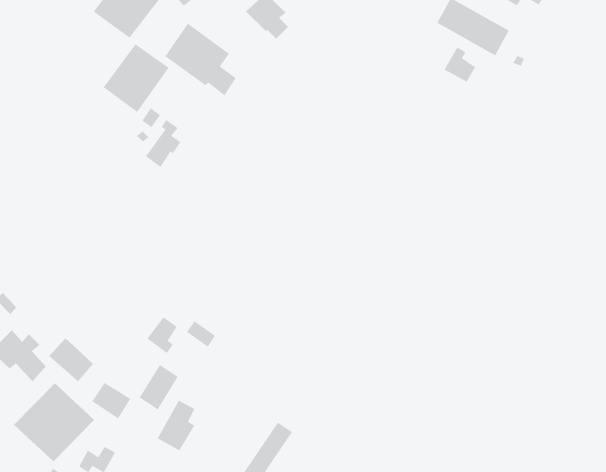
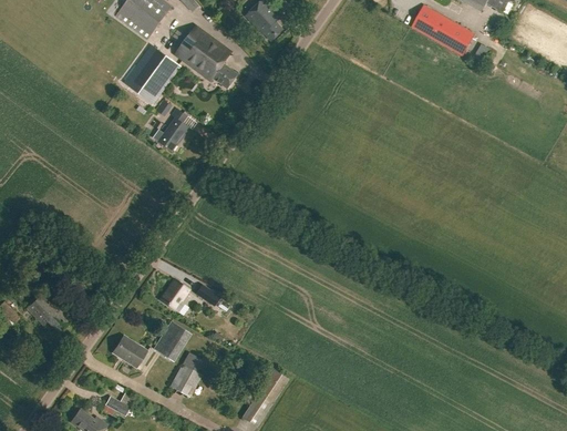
building: [444,47,476,82] -> none
building: [48,337,94,382] -> none
building: [13,382,95,462] -> none

